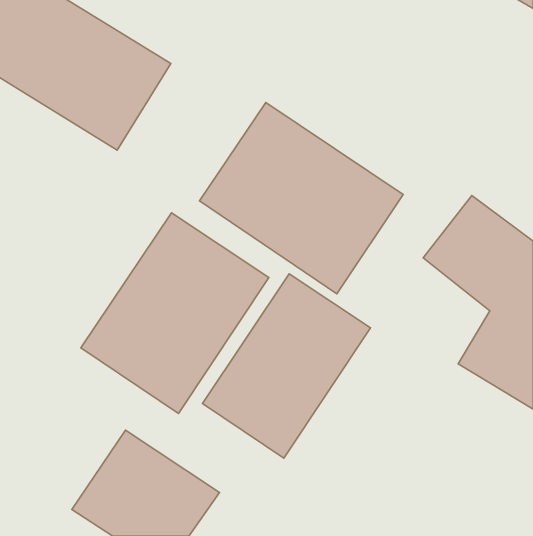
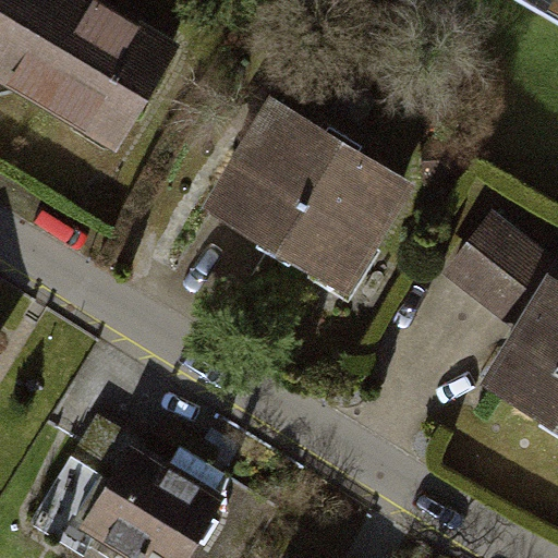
building: [81,213,269,413] -> none
building: [202,274,370,458] -> none

